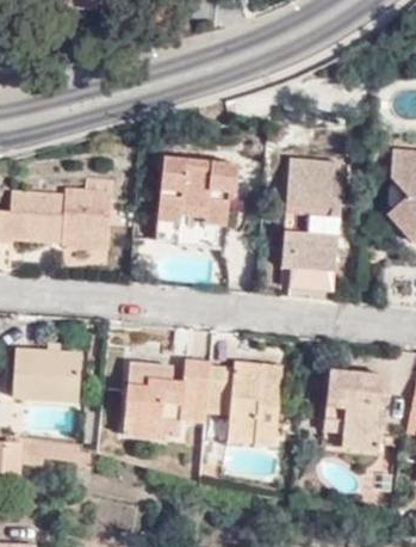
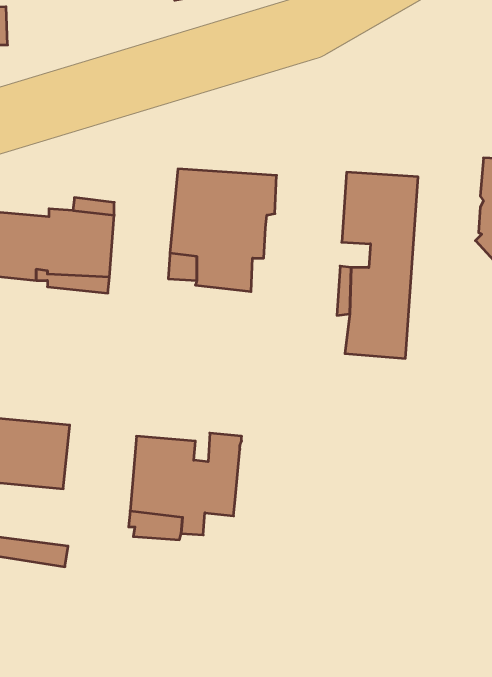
building: [205,362,282,445] -> none
building: [322,370,390,451] -> none

